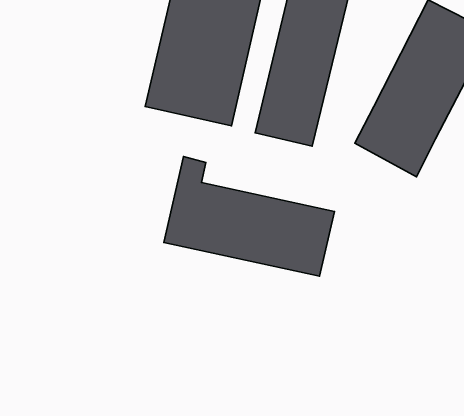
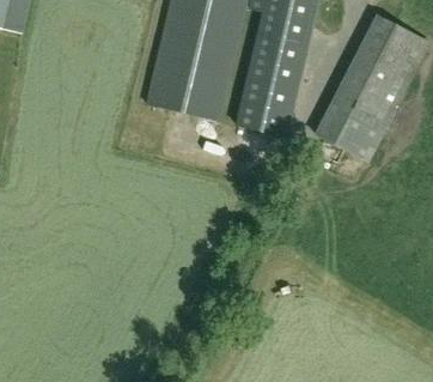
building: [164,156,334,276] -> none

